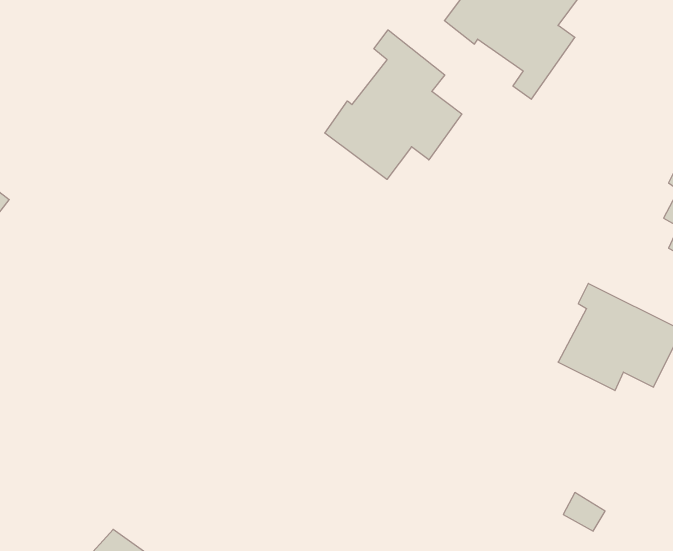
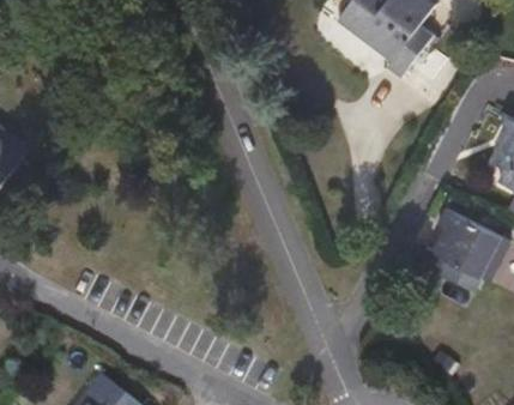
building: [325,30,462,179] -> none

